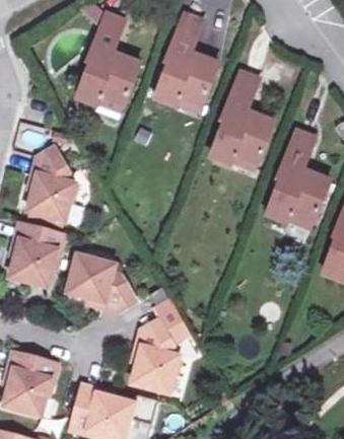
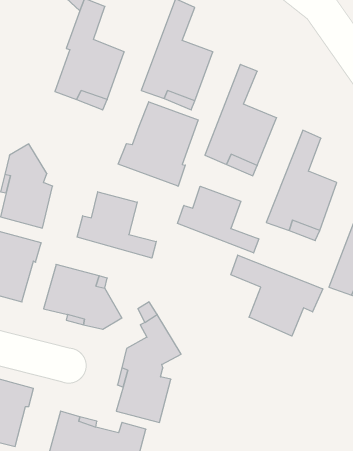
building: none -> [118,102,198,186]
building: none -> [178,186,259,253]
building: none -> [77,192,156,258]
building: none -> [231,255,323,336]

